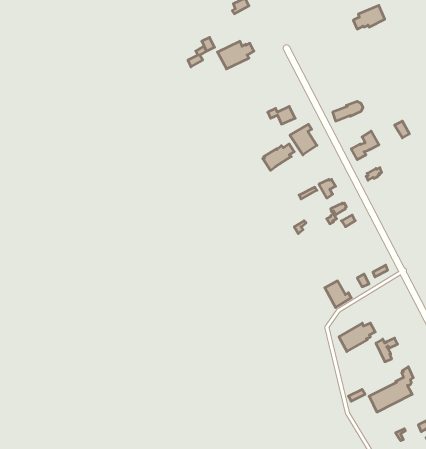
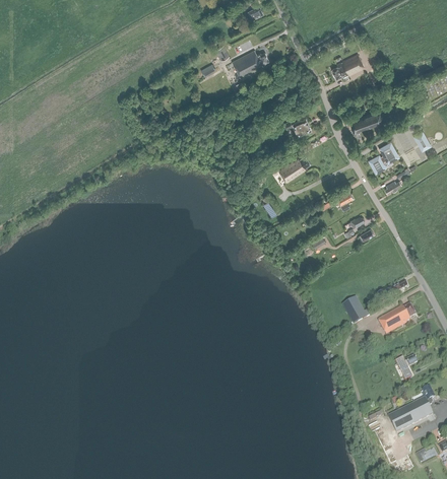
building: [353,5,385,29] -> [331,54,364,78]
building: [290,124,317,155] -> none
building: [339,323,375,352] -> [377,304,414,334]

